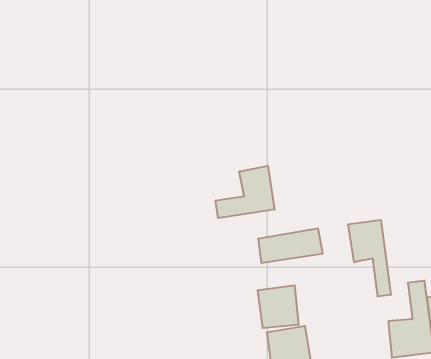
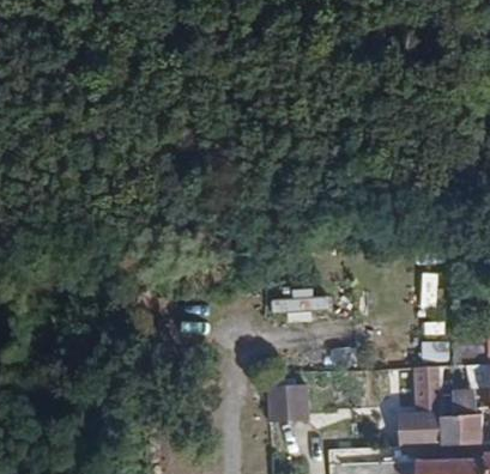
building: [215,166,274,218] -> none
building: [348,220,391,297] -> none

